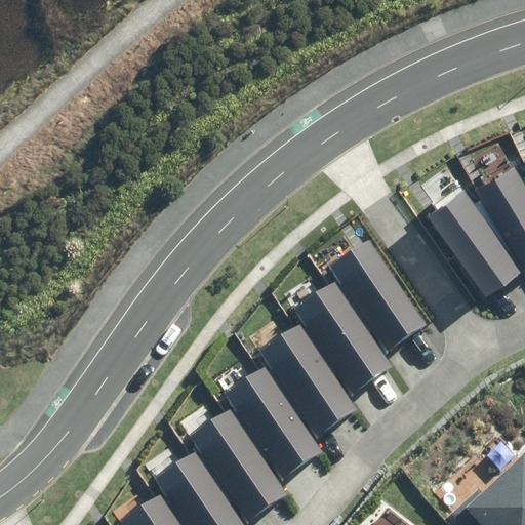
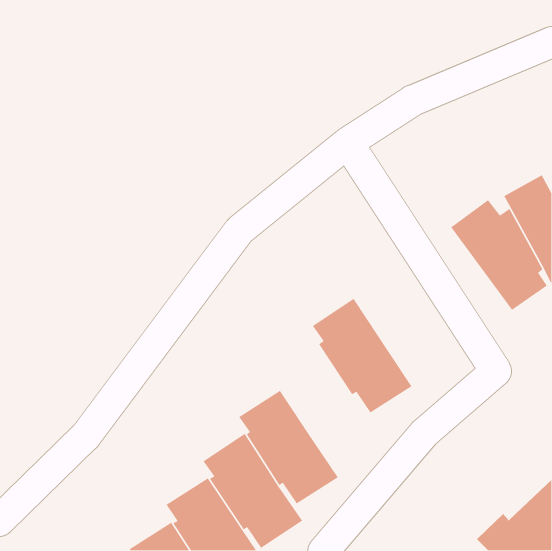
building: [330,241,426,351] -> none
building: [260,324,356,434] -> none

